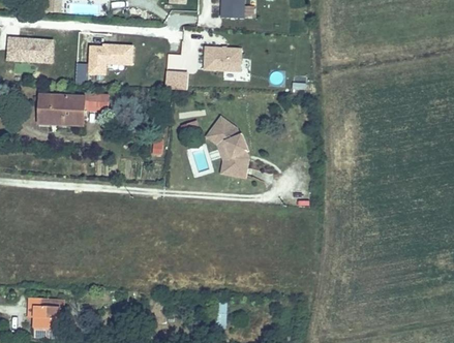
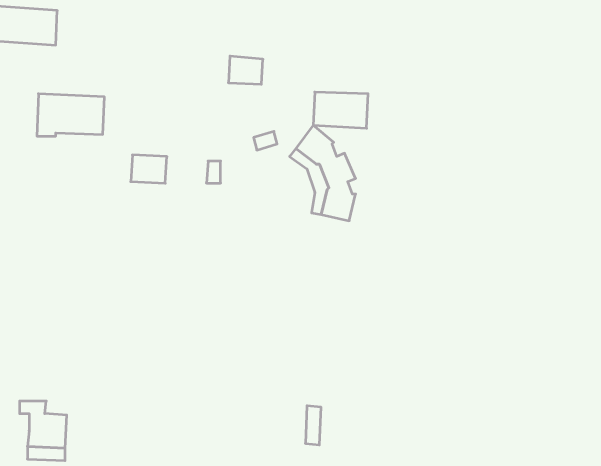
building: [88,43,132,73] -> none
building: [204,46,240,70] -> [313,92,368,128]
building: [84,91,108,110] -> [131,155,167,183]

